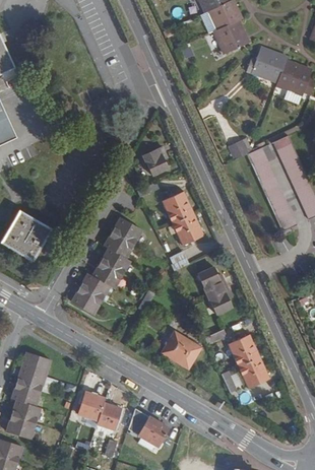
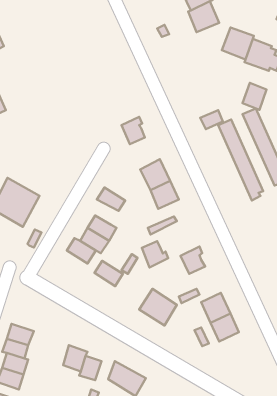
building: none -> [242,83,267,110]
building: [107,233,138,261] -> none
building: [197,266,226,294] -> [142,241,168,268]
building: [74,288,105,316] -> [95,261,123,286]
building: [22,351,52,376] -> none

